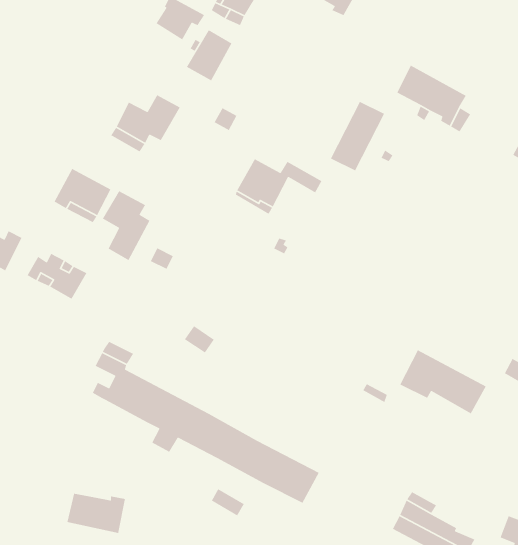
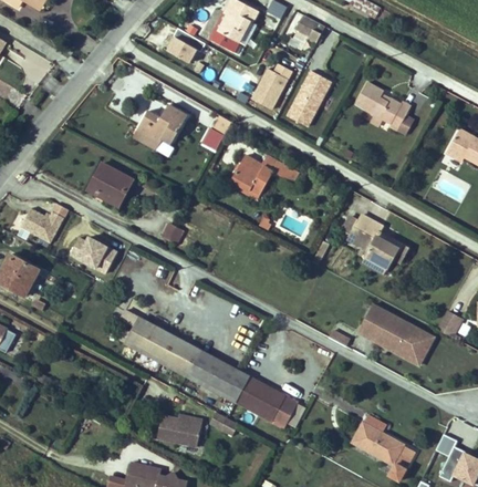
building: [186,29,233,81] -> [250,69,287,110]
building: [330,101,385,172] -> [288,71,331,126]
building: [102,190,150,261] -> none
building: none -> [349,216,406,271]
building: none -> [380,333,434,365]
building: [66,493,126,534] -> [156,415,202,447]

